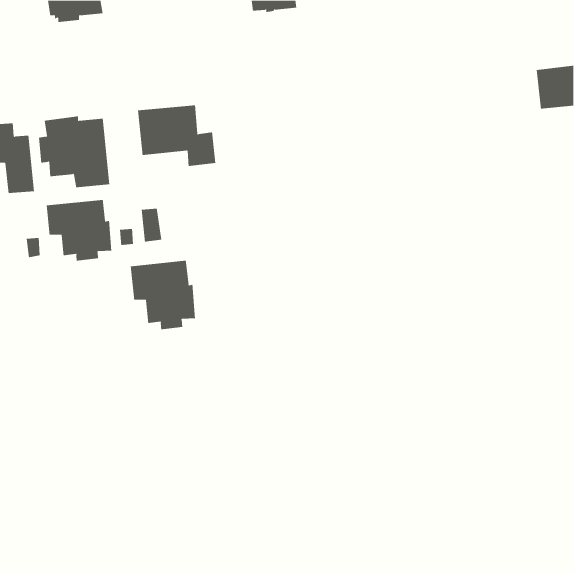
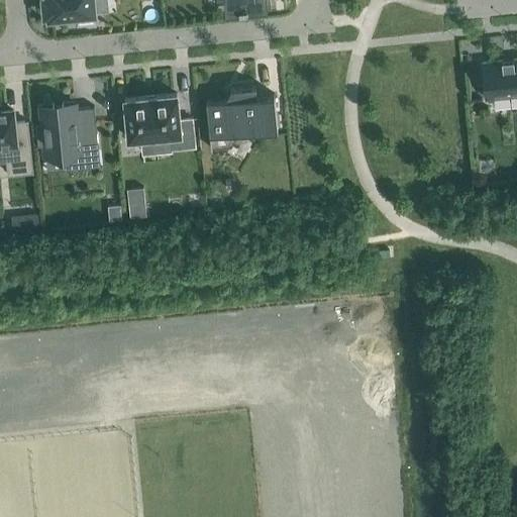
building: none -> [205,88,277,150]
building: [46,199,112,261] -> none
building: [130,260,196,330] -> none

